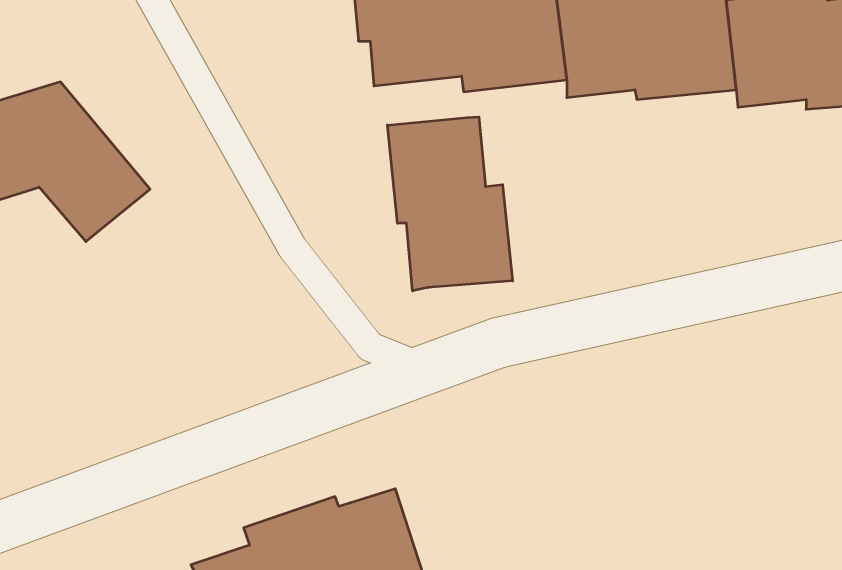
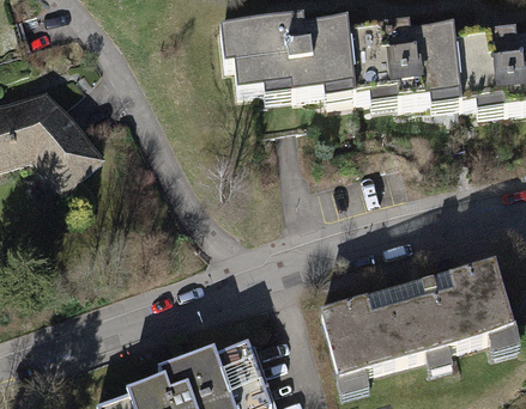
building: [387,117,513,291] -> none
building: none -> [321,263,513,374]

